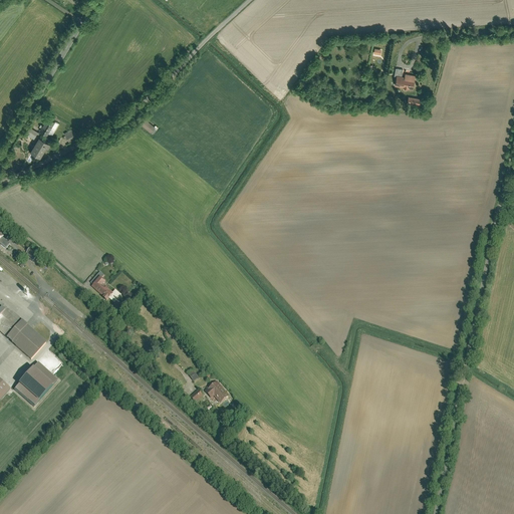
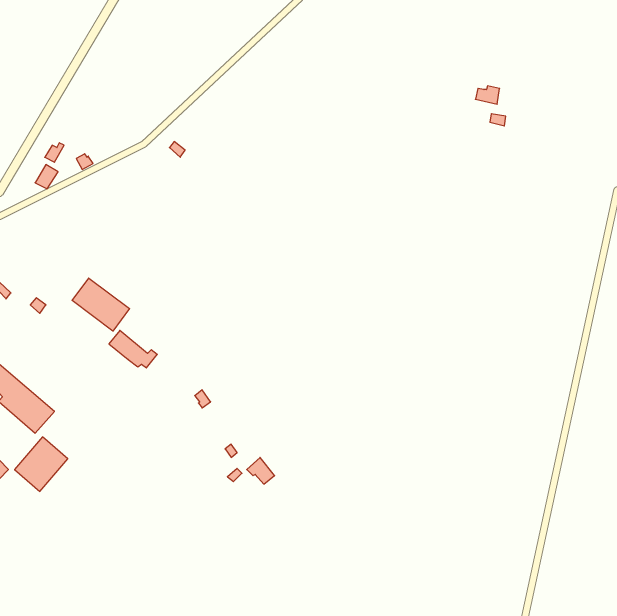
building: none -> [72,278,130,331]

